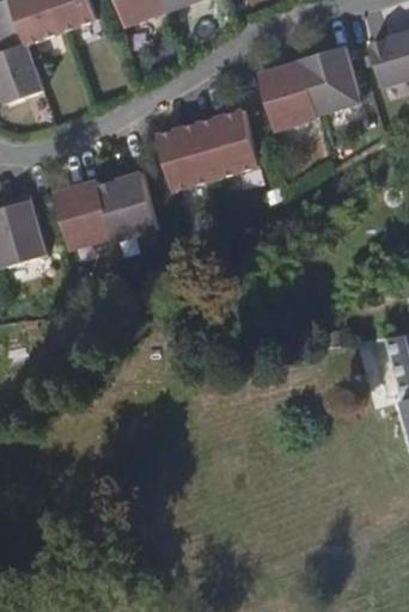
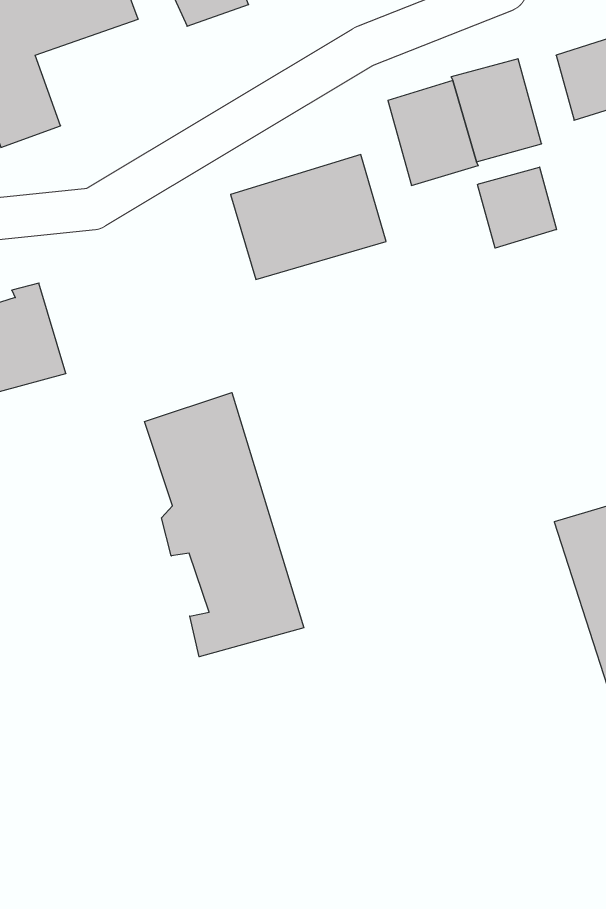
building: none -> [477,167,556,248]
building: [54,170,159,247] -> none
building: none -> [144,393,304,657]

